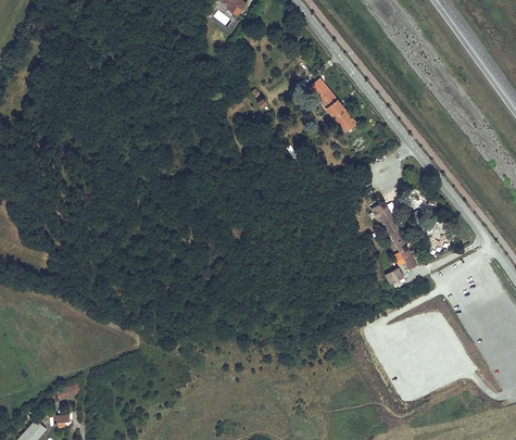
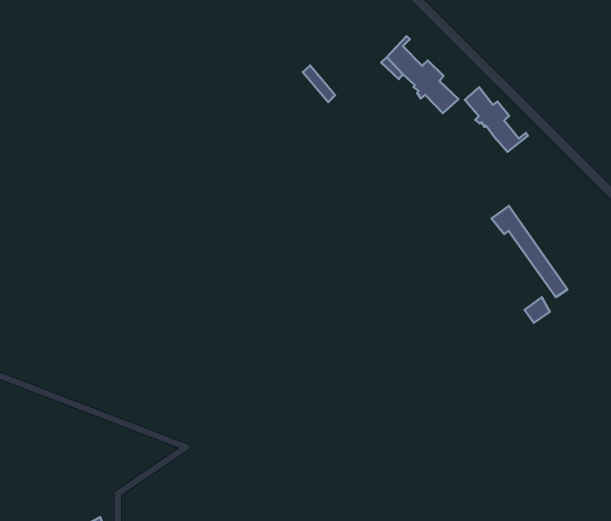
building: none -> [465,87,528,152]

